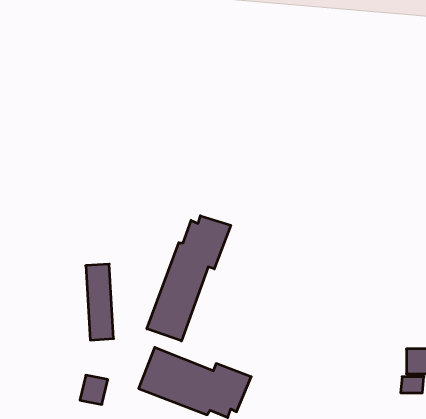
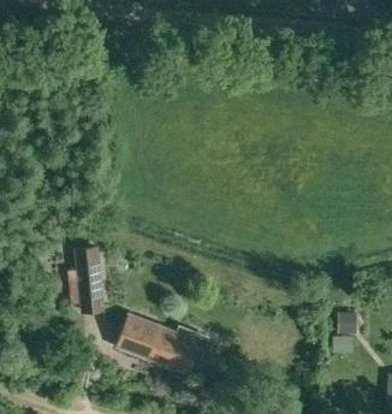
building: [147,216,231,341] -> none

